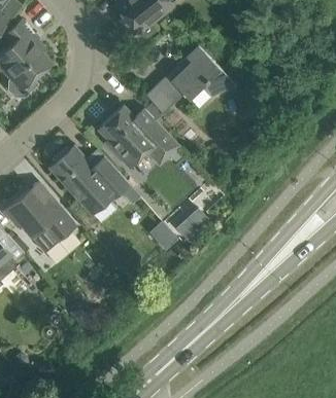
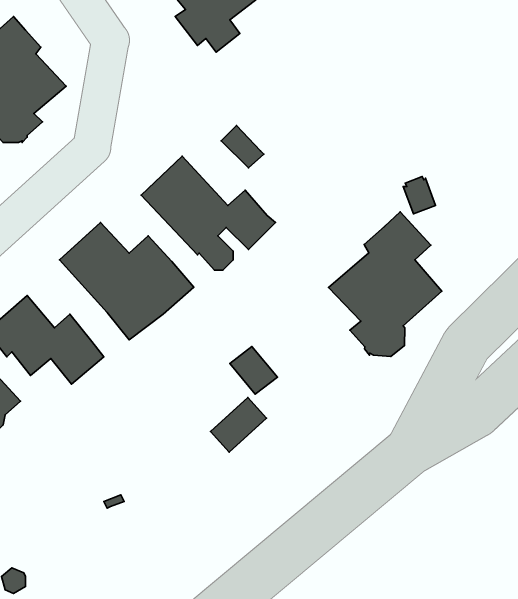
building: [171,46,236,99] -> none
building: none -> [328,212,442,356]
building: [175,208,209,241] -> [210,398,267,452]

